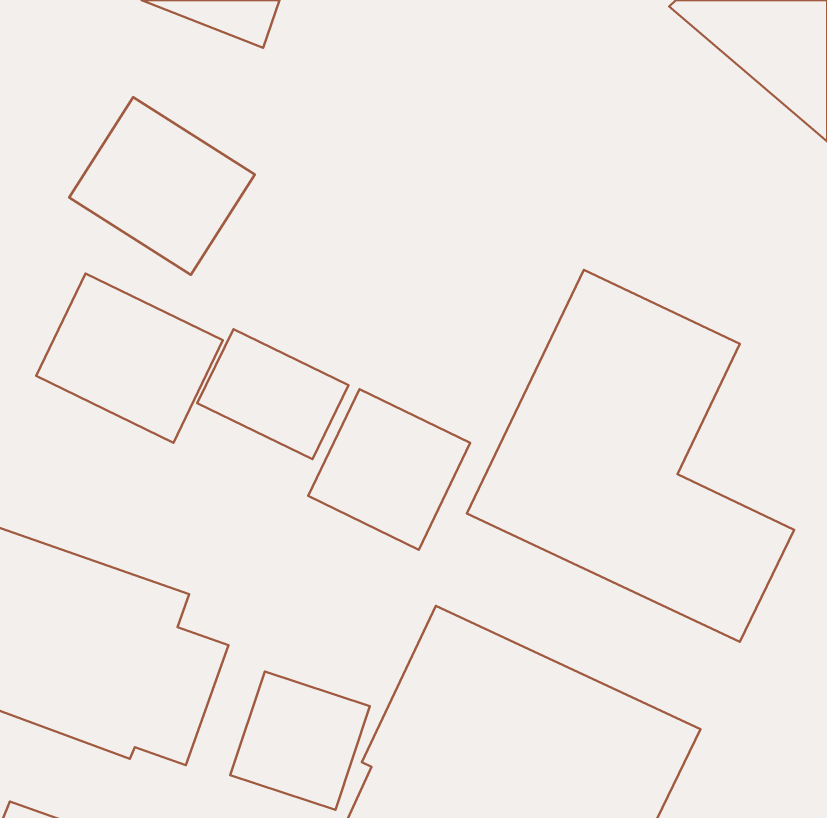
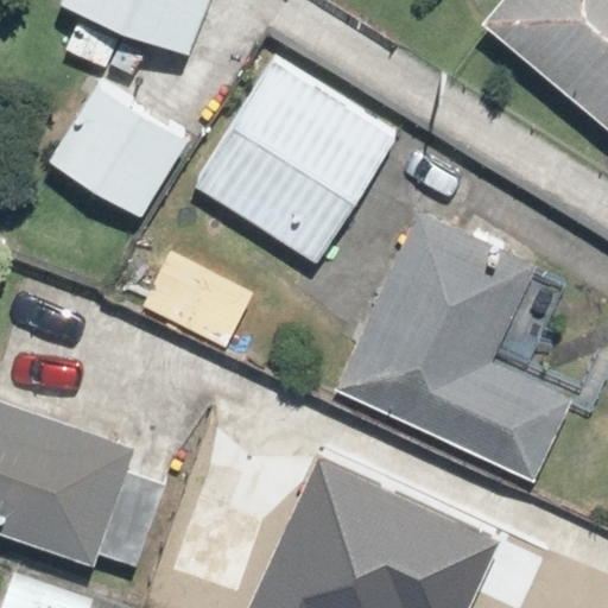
building: none -> [192,64,393,266]
building: [36,273,223,443] -> none
building: [308,389,470,550] -> none

